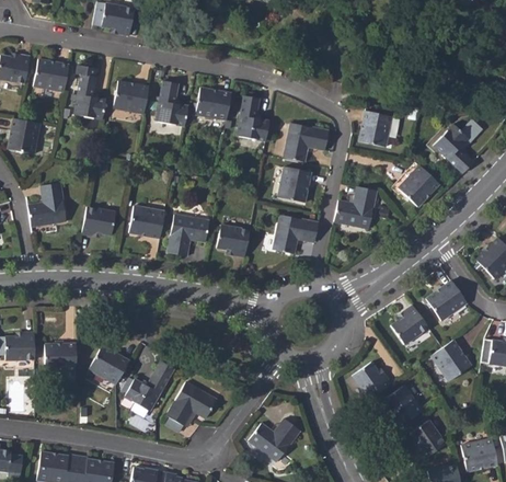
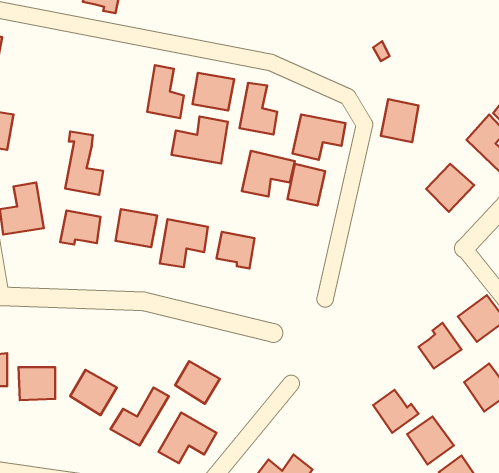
building: [34,59,70,91] -> none
building: [73,65,106,119] -> [65,131,103,195]
building: [113,80,149,113] -> none
building: none -> [171,117,228,164]
building: [334,186,377,229] -> none
building: [273,214,319,253] -> [242,151,295,196]
building: none -> [175,361,220,404]

